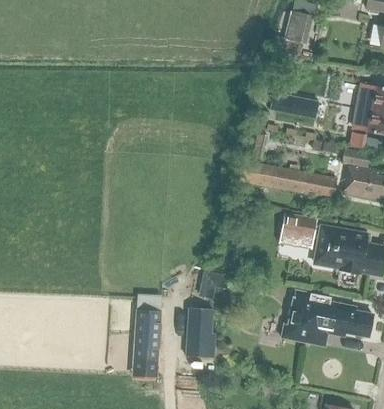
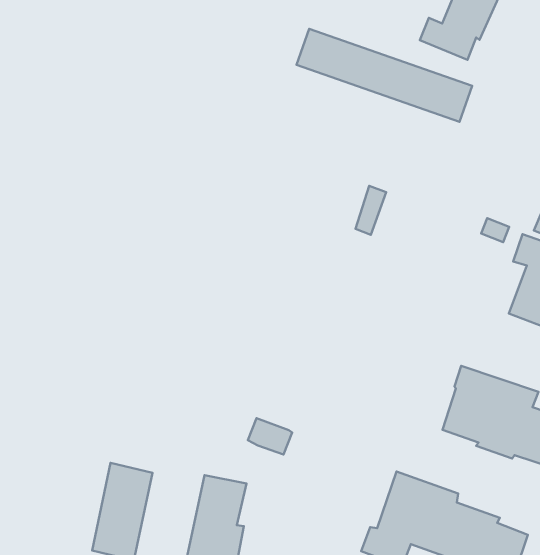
building: [237,159,336,198] -> [296,29,472,122]
building: [277,212,316,249] -> none

